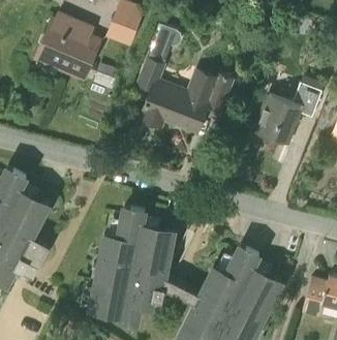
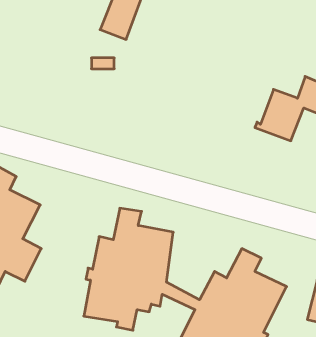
building: [36,12,101,78] -> none
building: [136,24,235,134] -> none

